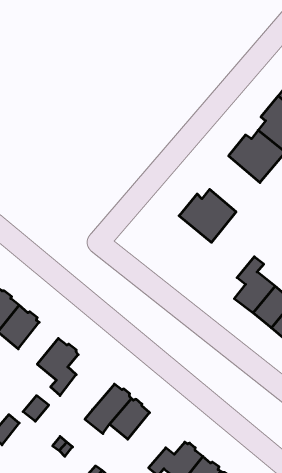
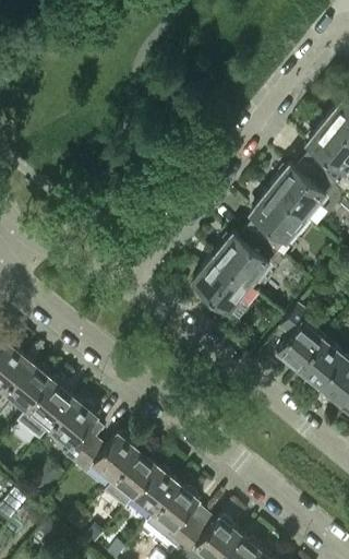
building: none -> [248,189,305,253]
building: none -> [192,258,250,313]
building: none -> [28,380,74,428]
building: none -> [76,433,139,480]
building: none -> [147,484,200,547]

